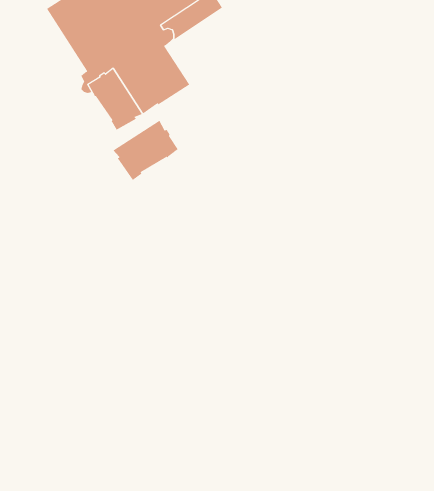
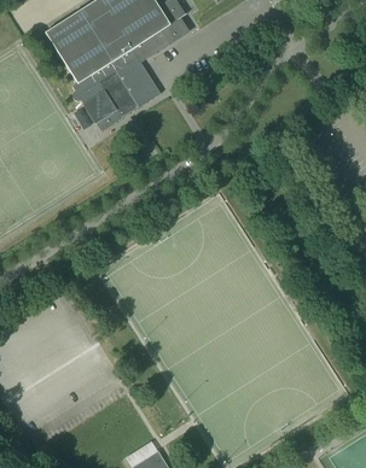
building: [112,120,179,181] -> none

